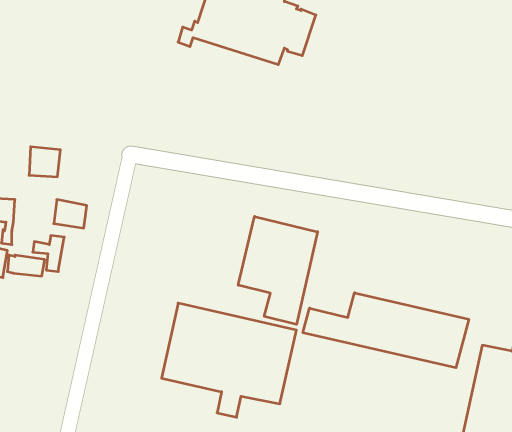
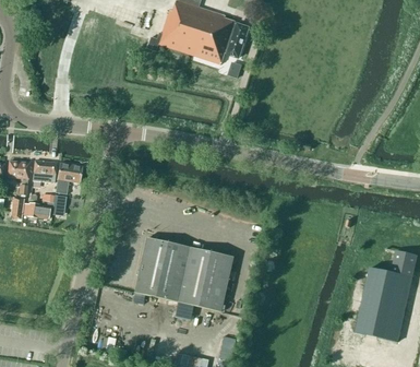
building: [29,147,60,177] -> [33,159,56,181]
building: [238,216,318,324] -> none
building: [303,293,469,368] -> none

